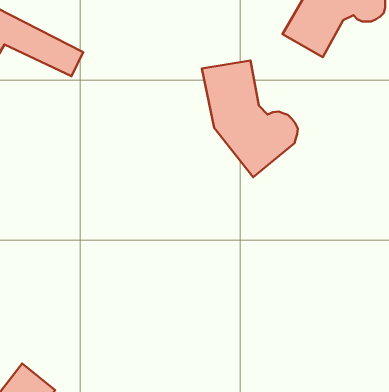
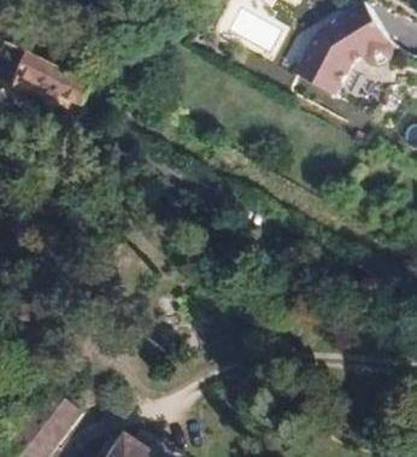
building: [202,60,298,177] -> none

